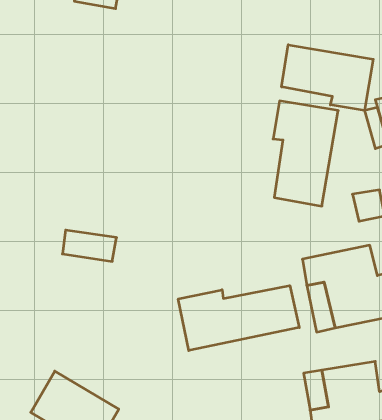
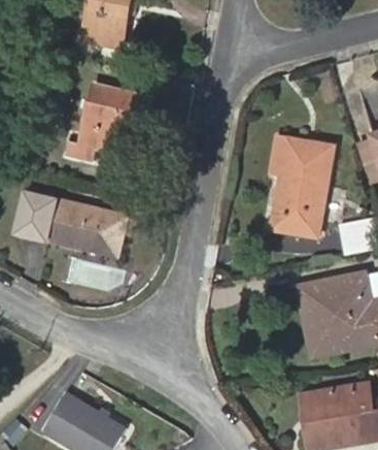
building: [282,45,373,111] -> none
building: none -> [65,84,144,161]
building: none -> [19,192,128,256]
building: [178,286,299,351] -> none

